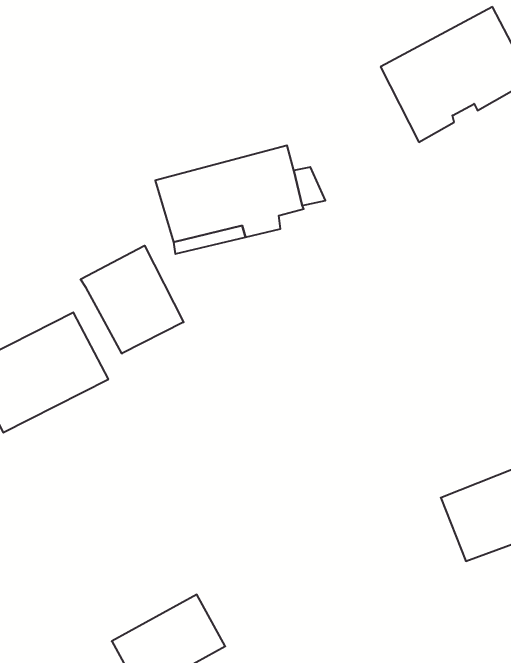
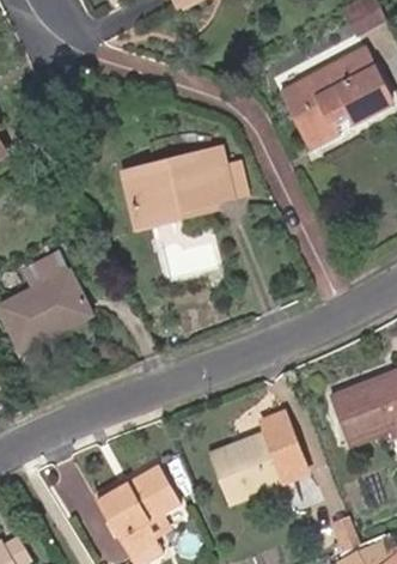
building: [81,246,184,354] -> none
building: none -> [207,412,303,499]

